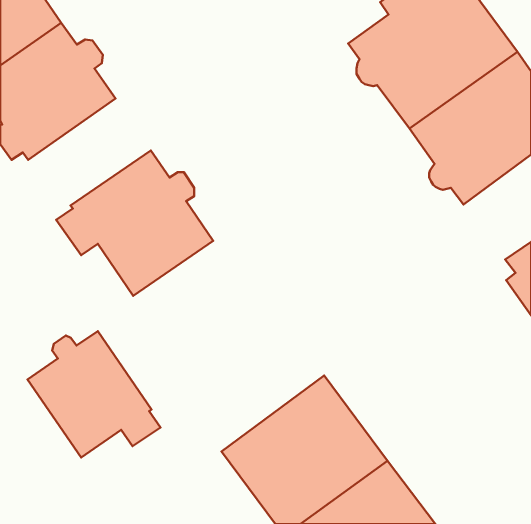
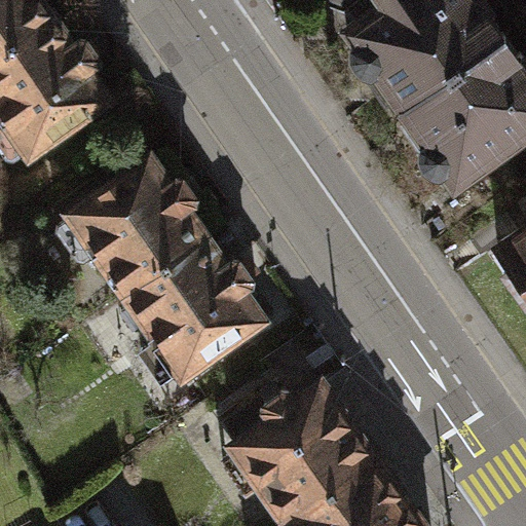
building: none -> [132,238,267,382]
building: [27,331,160,458] -> none

